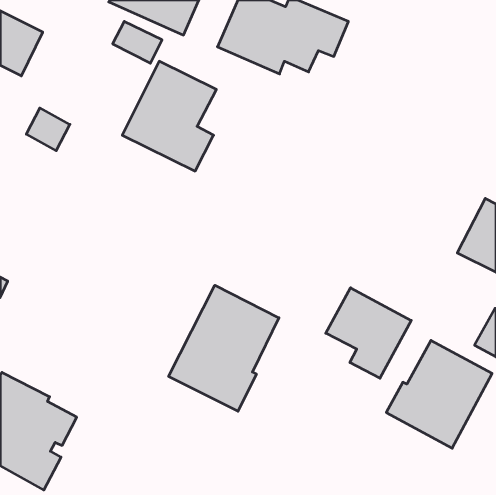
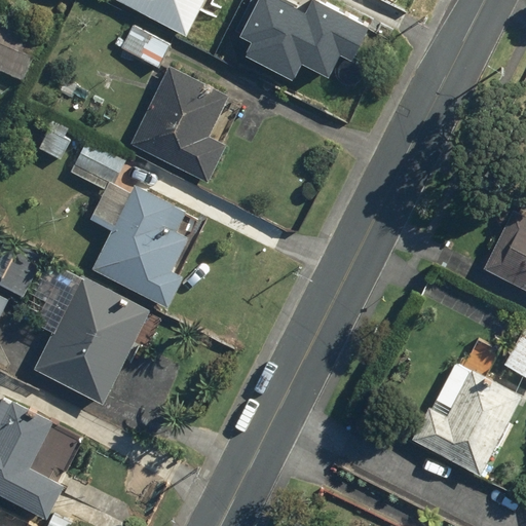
building: none -> [69,139,190,308]
building: none -> [27,260,150,404]
building: [169,285,279,411] -> none
building: [326,288,411,378] -> none

